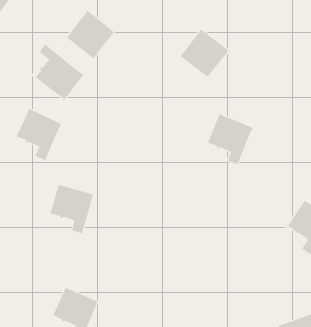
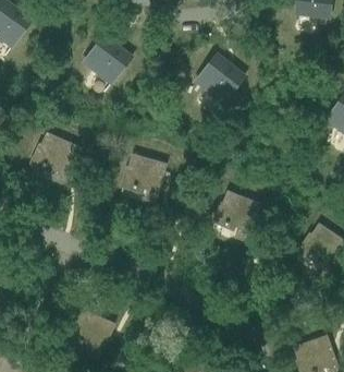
building: [26,43,84,101] -> none
building: [204,113,253,165] -> [212,190,261,241]
building: [47,184,93,234] -> [121,154,167,203]

